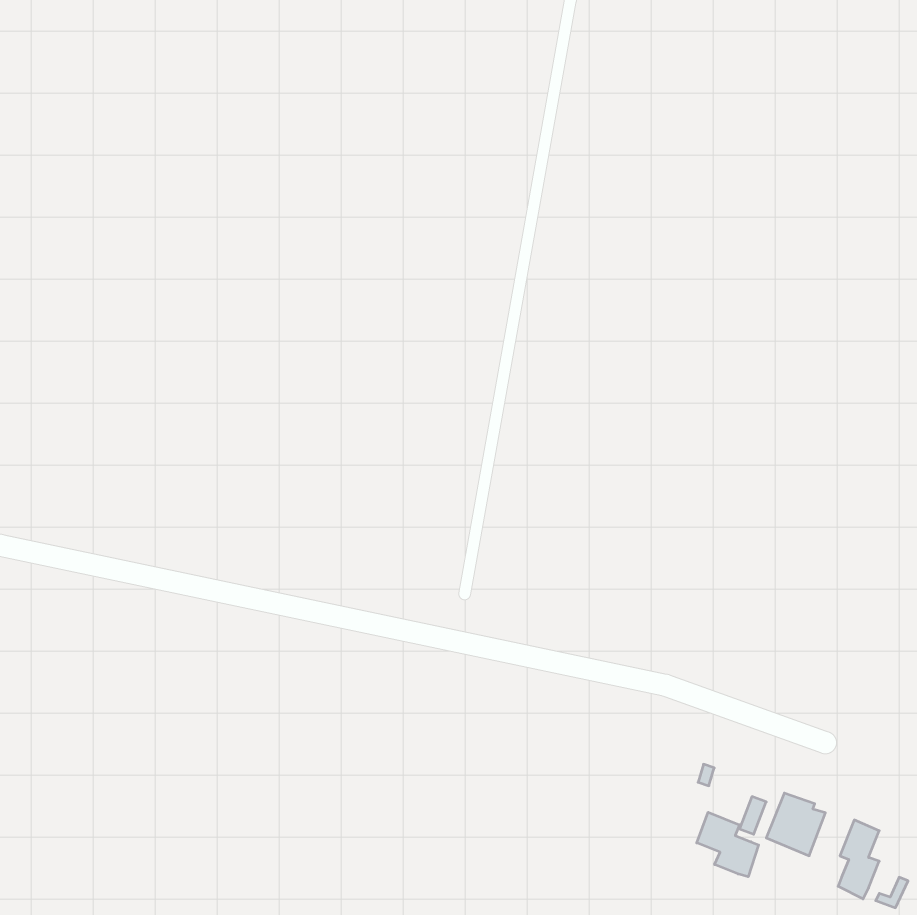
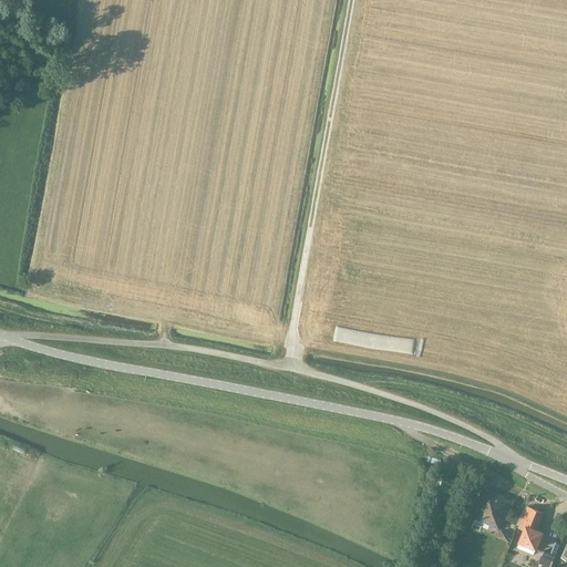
building: [697,812,759,877] -> none

